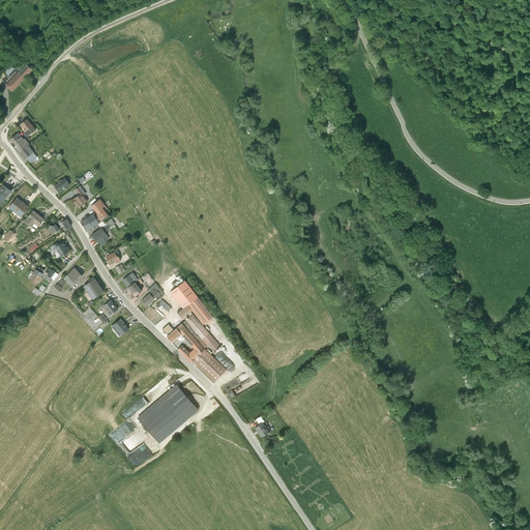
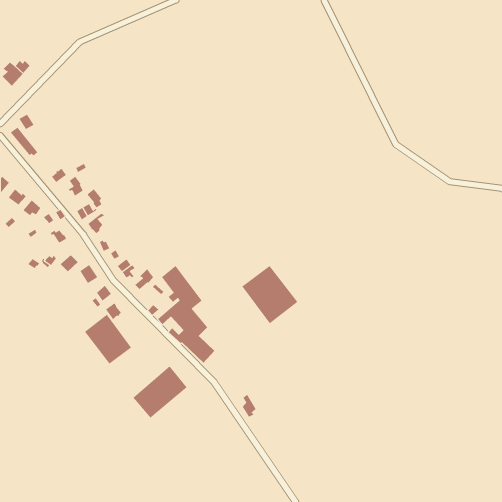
building: none -> [242,265,298,324]
building: none -> [84,314,132,365]

